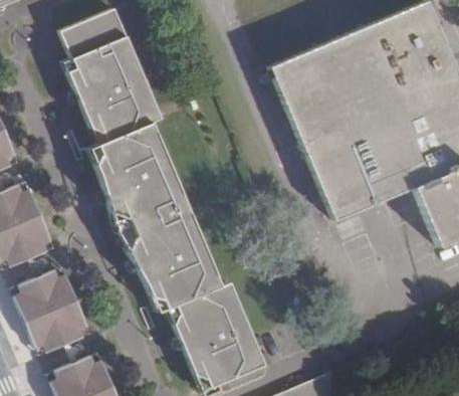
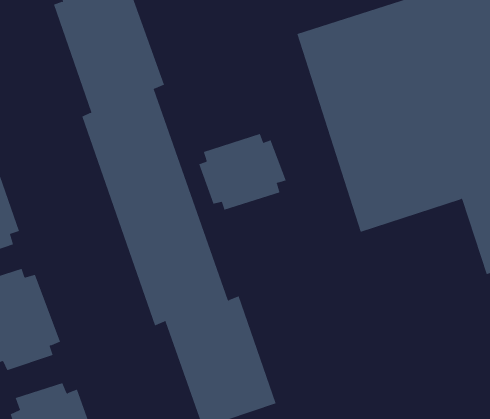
building: none -> [199,133,286,211]

